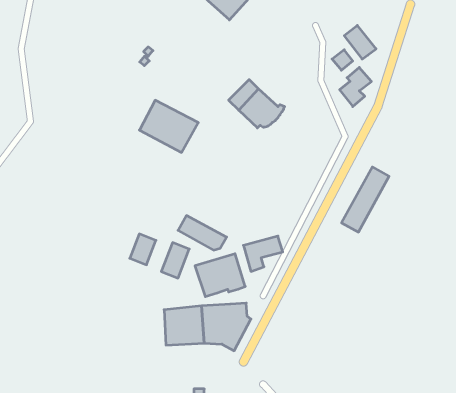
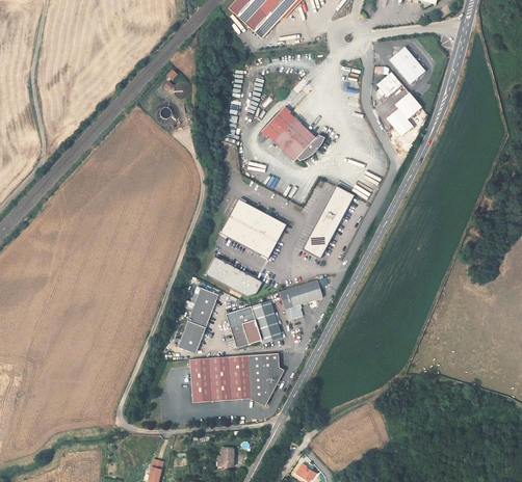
building: [139,100,198,152] -> [219,197,285,256]
building: [342,167,389,232] -> [299,184,353,257]
building: [130,234,156,265] -> [176,319,205,353]

